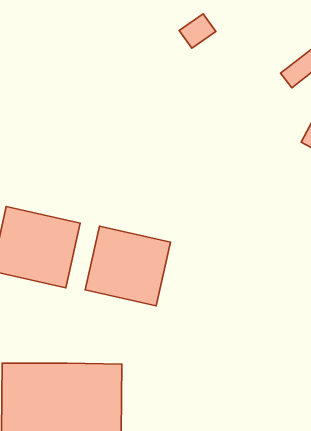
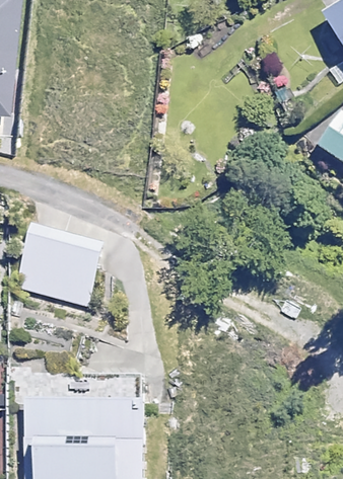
building: [85,226,170,306] -> none

